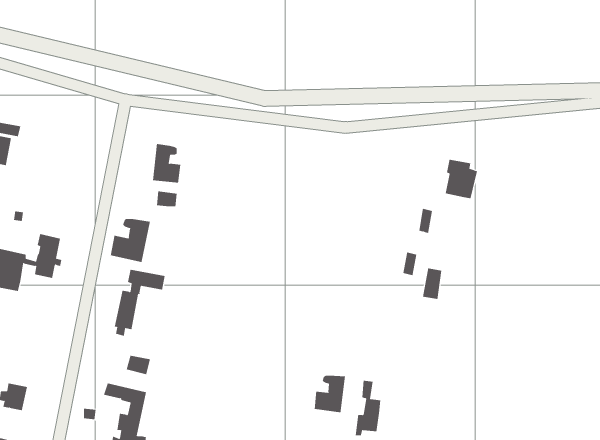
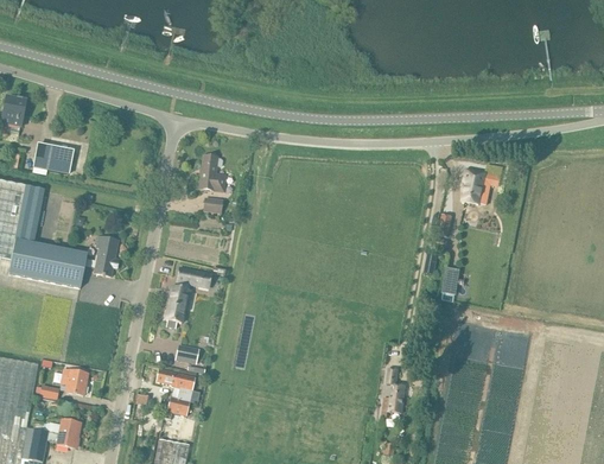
building: [110,218,151,263] -> none
building: [314,375,346,413] -> none

